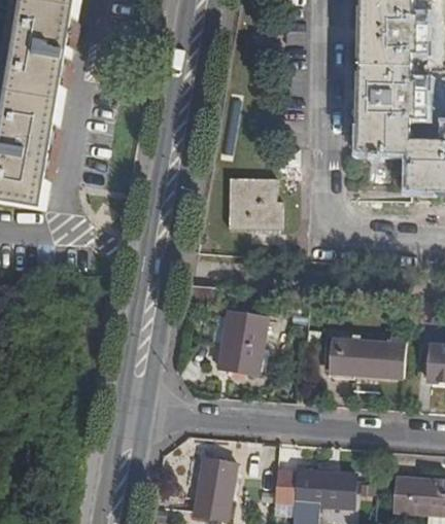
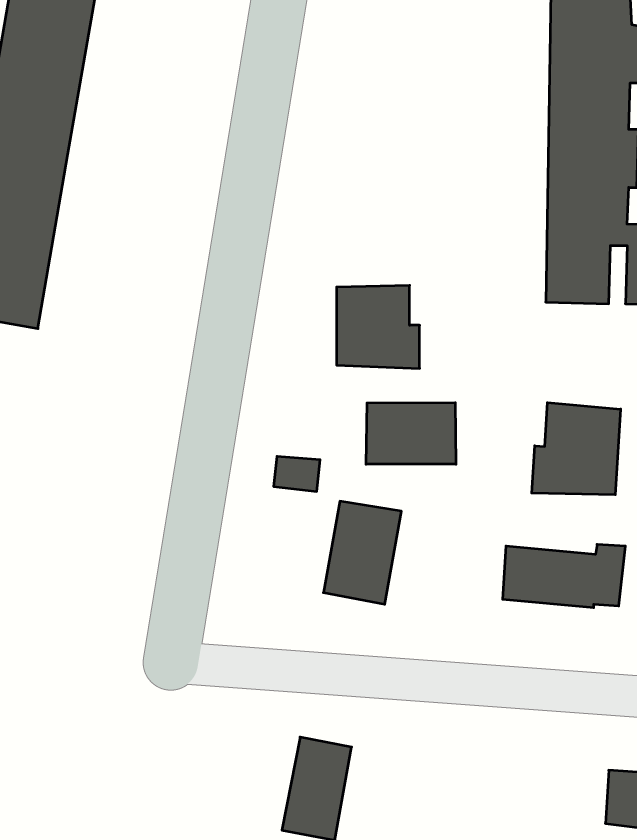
building: none -> [532,403,621,495]
building: none -> [366,403,456,464]
building: [274,469,355,509] -> none

